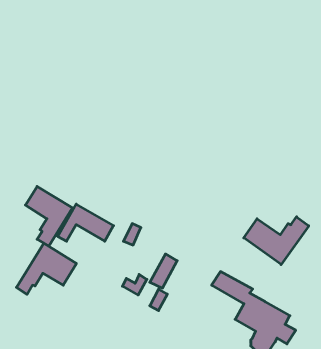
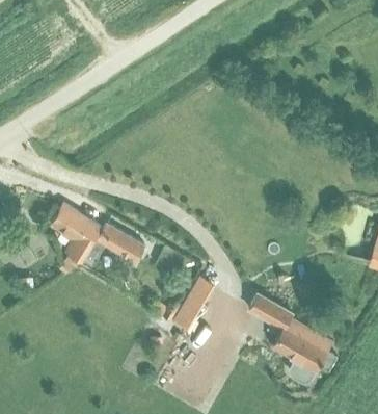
building: [244,217,309,265] -> none
building: [16,243,76,294] -> none

